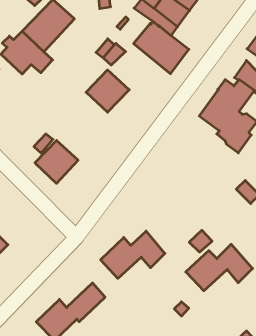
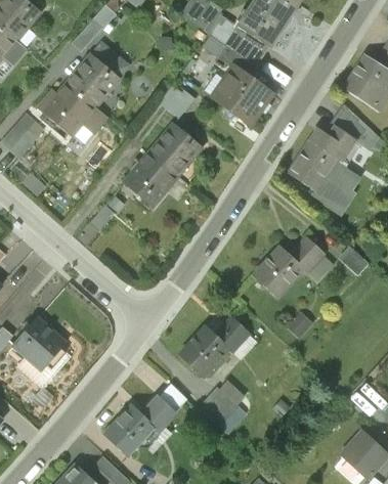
building: [35,140,78,183] -> [125,152,177,205]
building: [186,244,253,291] -> [253,237,334,296]
building: none -> [200,380,247,434]

